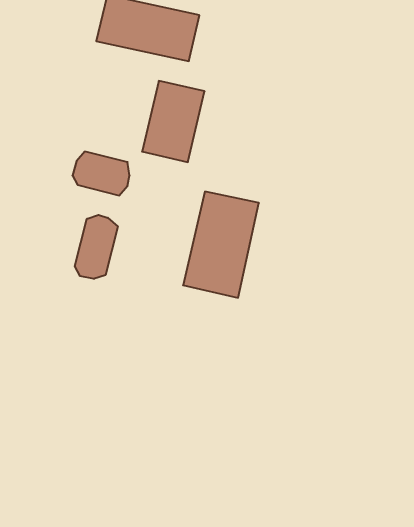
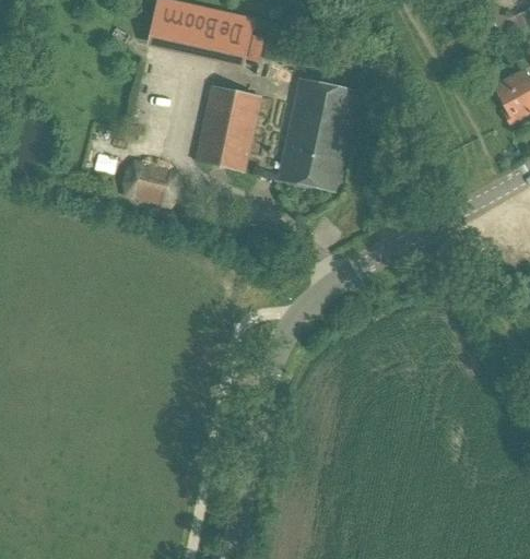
building: [183,192,259,298] -> [278,79,357,190]
building: [75,215,118,279] -> none

